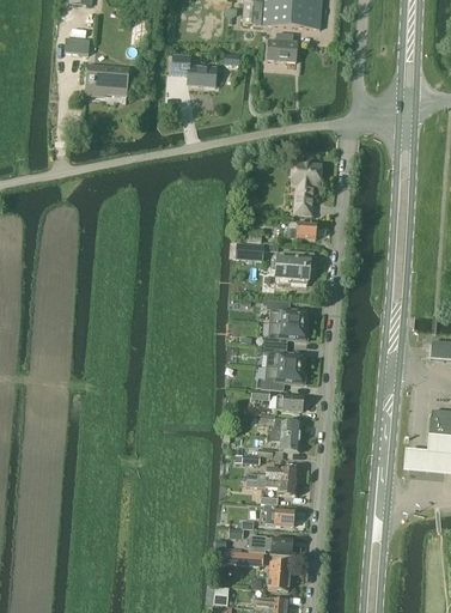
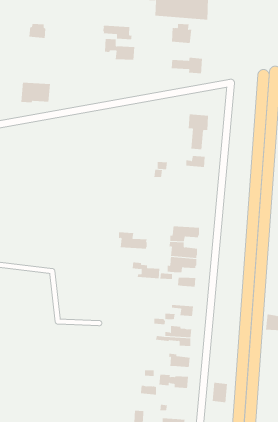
building: none -> [103,25,132,40]
building: [86,66,129,96] -> [21,82,51,103]
building: none -> [171,57,202,74]
building: [274,250,315,284] -> none
building: [268,301,310,326] -> [118,232,148,249]
building: [261,414,301,438] -> [132,262,160,279]
building: [268,562,291,591] -> [212,382,228,403]

